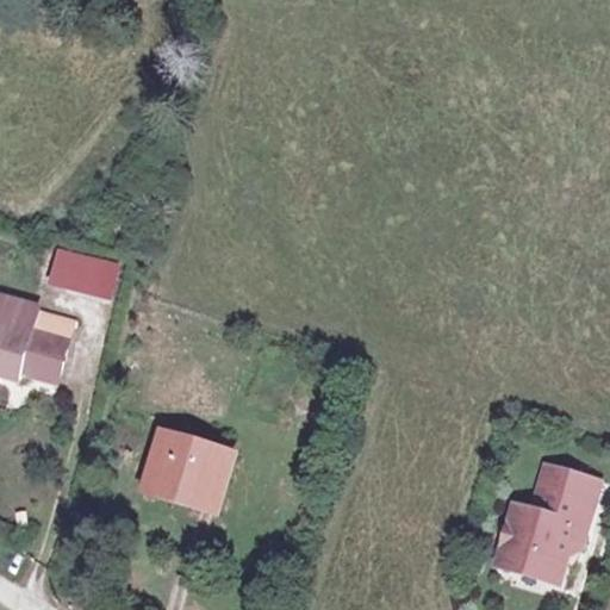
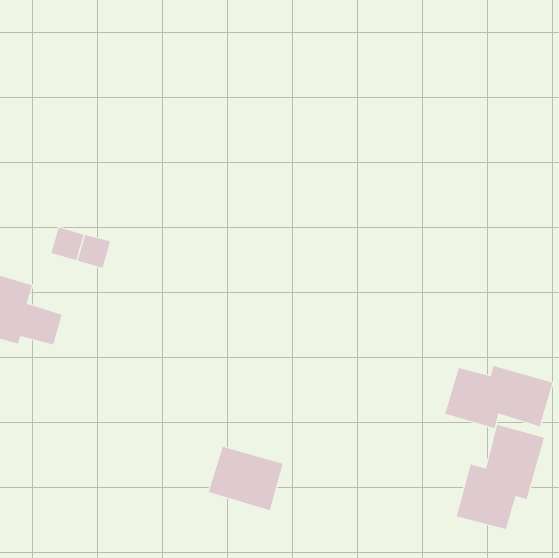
building: none -> [444,365,553,429]
building: [154,437,236,508] -> [208,446,284,511]

